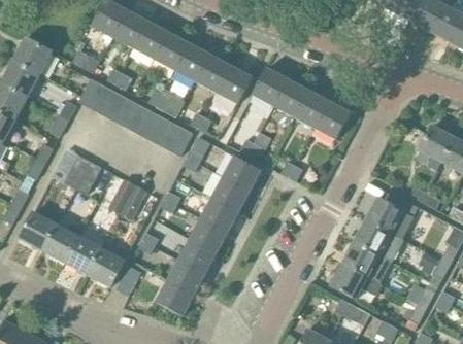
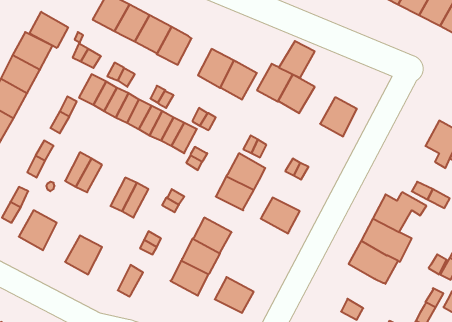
building: none -> [29,12,68,48]
building: [175,43,208,79] -> none
building: [294,91,329,127] -> [279,41,315,78]
building: [201,198,239,233] -> [261,198,300,233]
building: [43,223,79,262] -> none
building: [88,247,125,286] -> none
building: [330,264,382,301] -> none
building: [157,280,195,315] -> [215,277,254,313]

